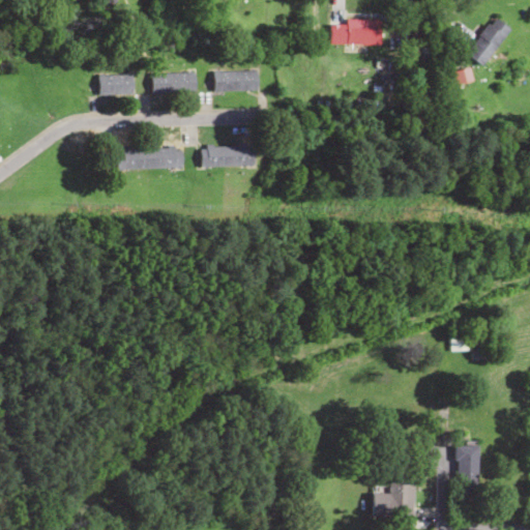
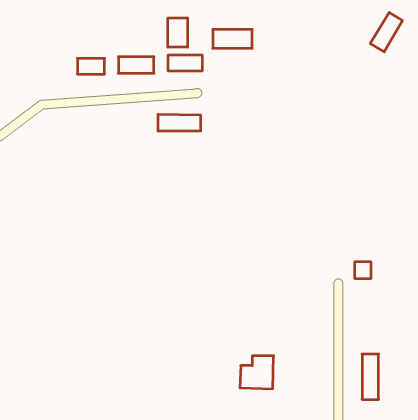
building: [332,21,382,45] -> [213,29,252,48]
building: none -> [168,18,188,47]
building: [120,146,182,168] -> none
building: [374,476,416,518] -> [240,356,274,389]

